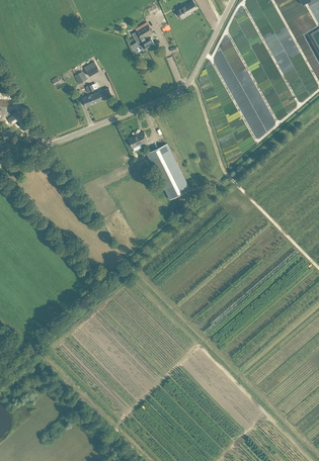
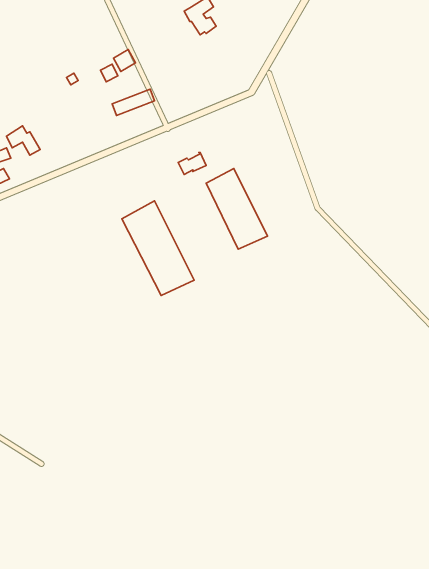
building: none -> [122,201,194,296]

